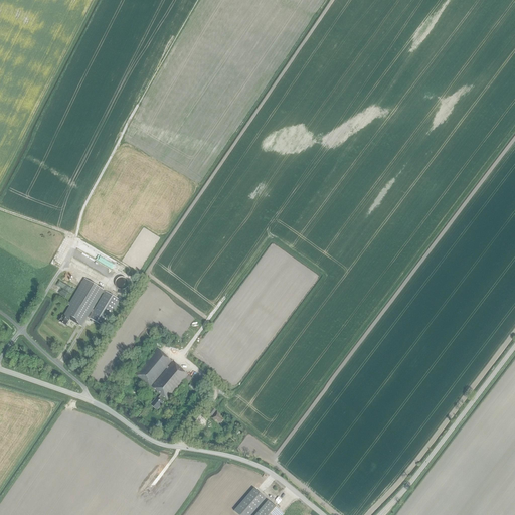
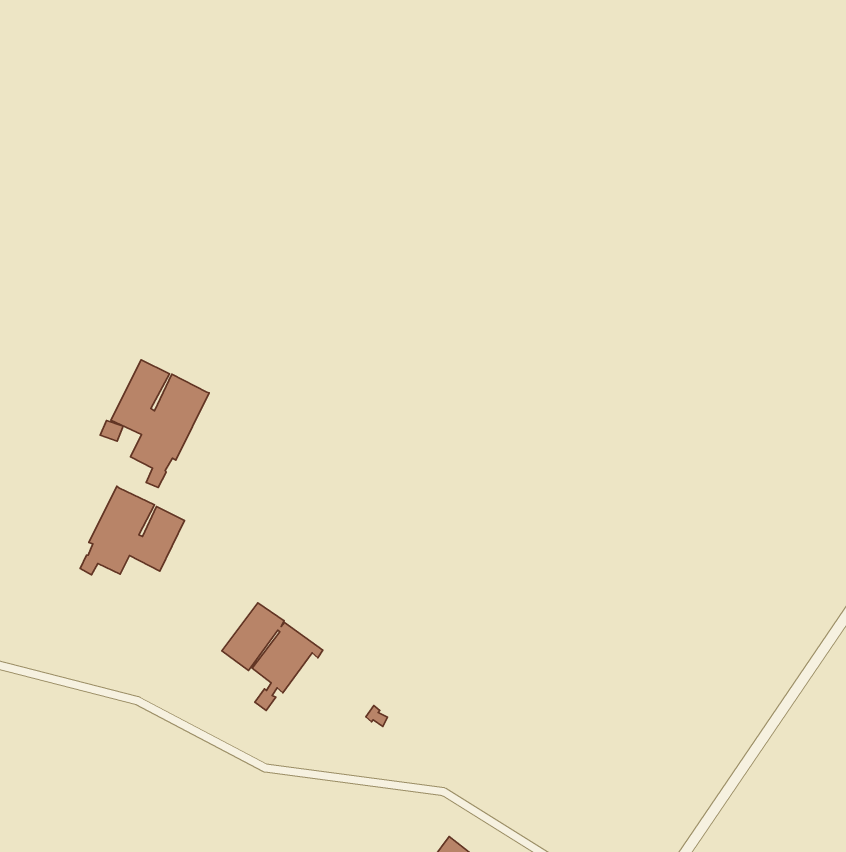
building: none -> [111,360,209,488]

